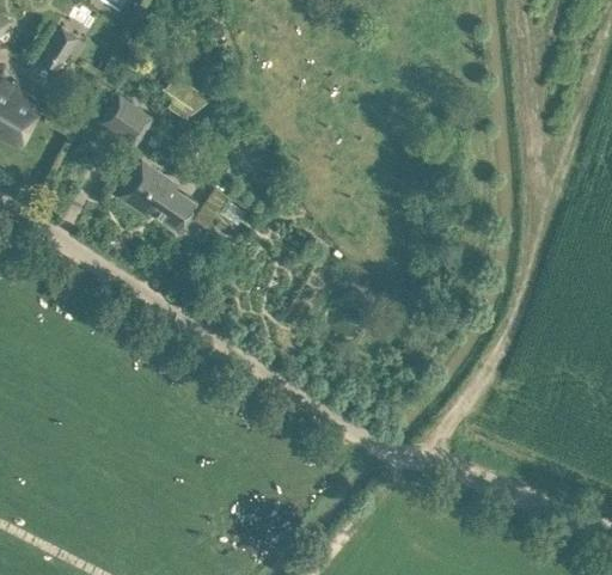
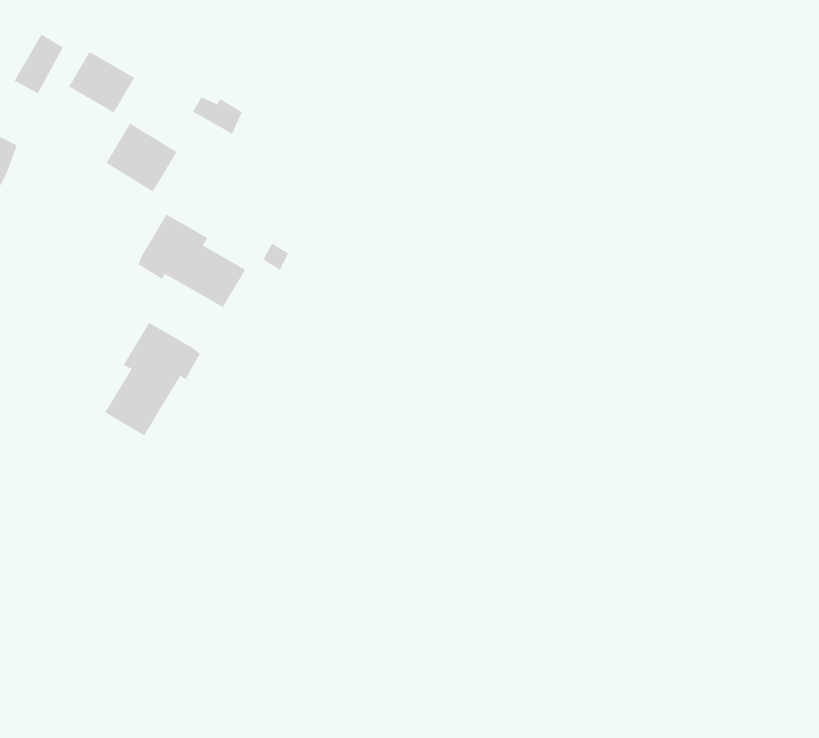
building: none -> [68,51,135,113]
building: none -> [104,322,201,436]

